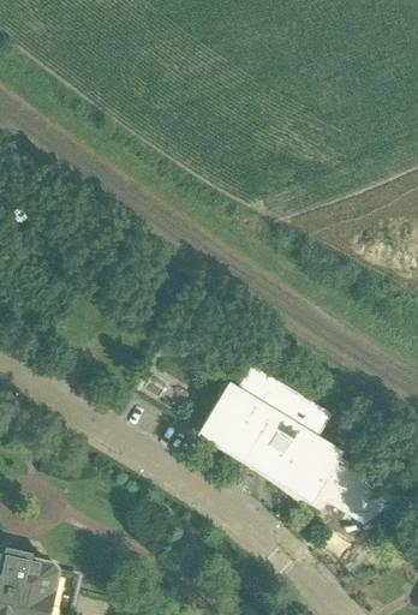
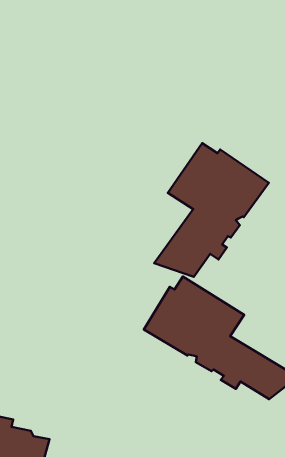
building: none -> [154,143,269,277]

